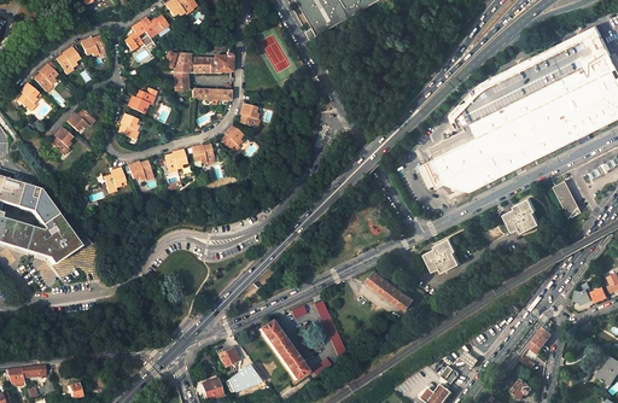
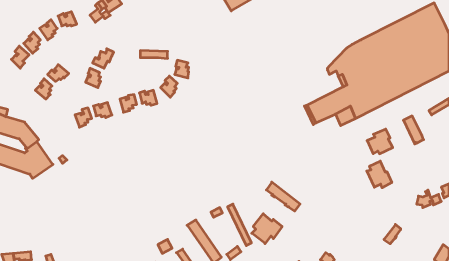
building: [165,51,234,90] -> none
building: [422,236,459,271] -> none
building: none -> [367,161,392,188]
building: none -> [252,214,282,244]

